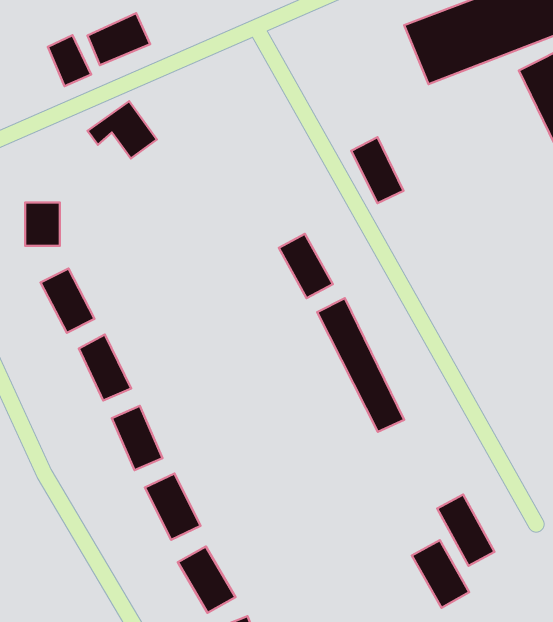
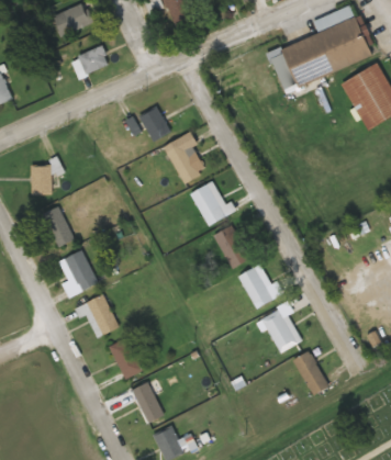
building: [48,35,91,86] -> none
building: [87,101,157,159] -> [127,104,171,141]
building: [351,137,403,203] -> [167,142,200,183]
building: [412,540,469,608] -> [260,308,297,351]

